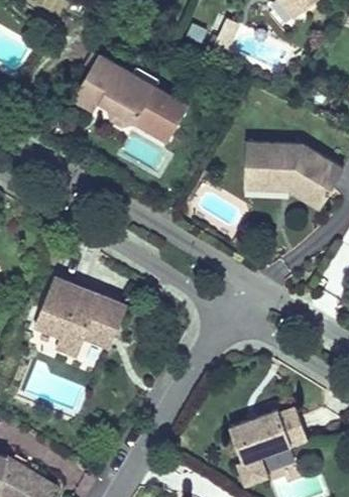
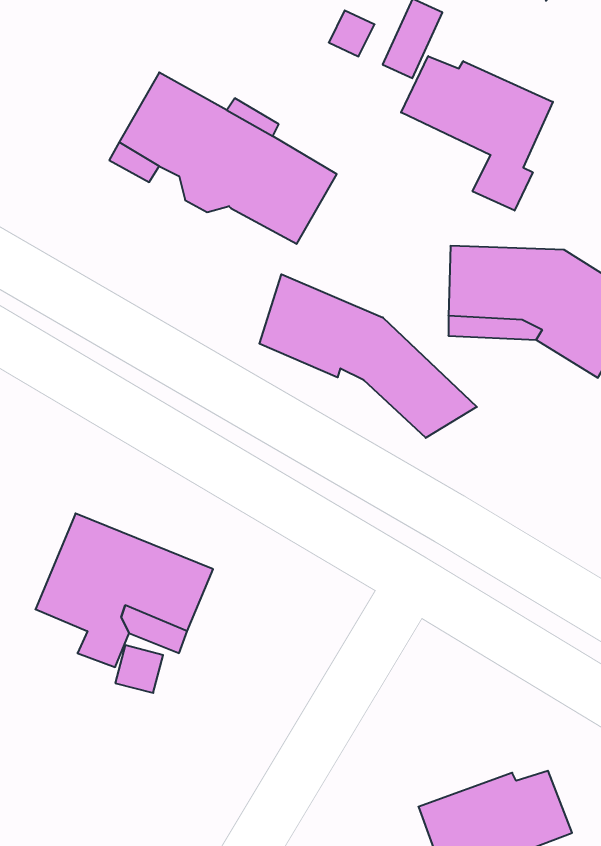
building: none -> [401,56,553,211]
building: none -> [259,274,477,438]

